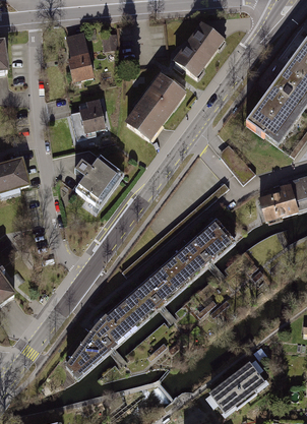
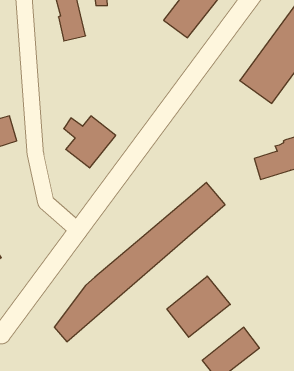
building: [127,75,188,142] -> none
building: [80,99,107,134] -> none
building: none -> [167,276,230,337]

